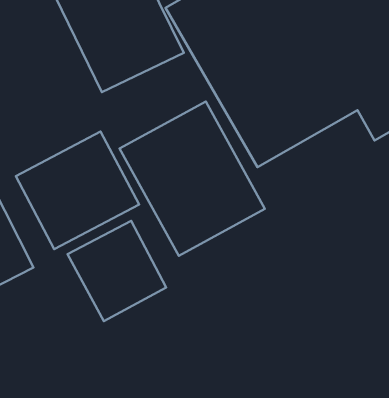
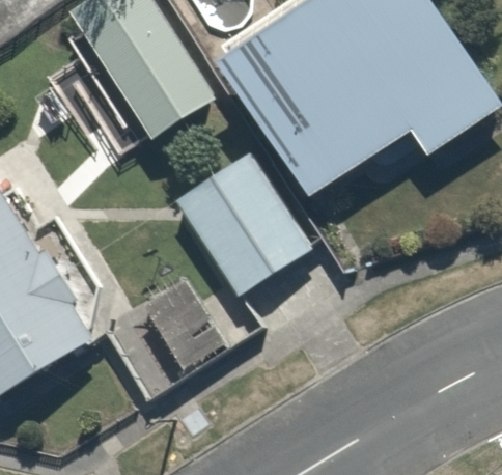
building: [16,131,139,249] -> none

